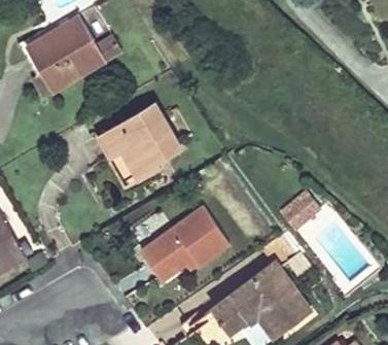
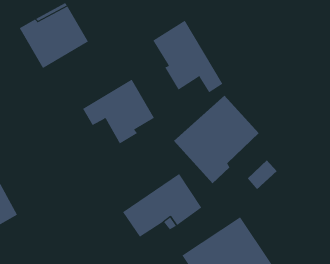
building: none -> [152,20,223,93]
building: none -> [173,95,260,184]

